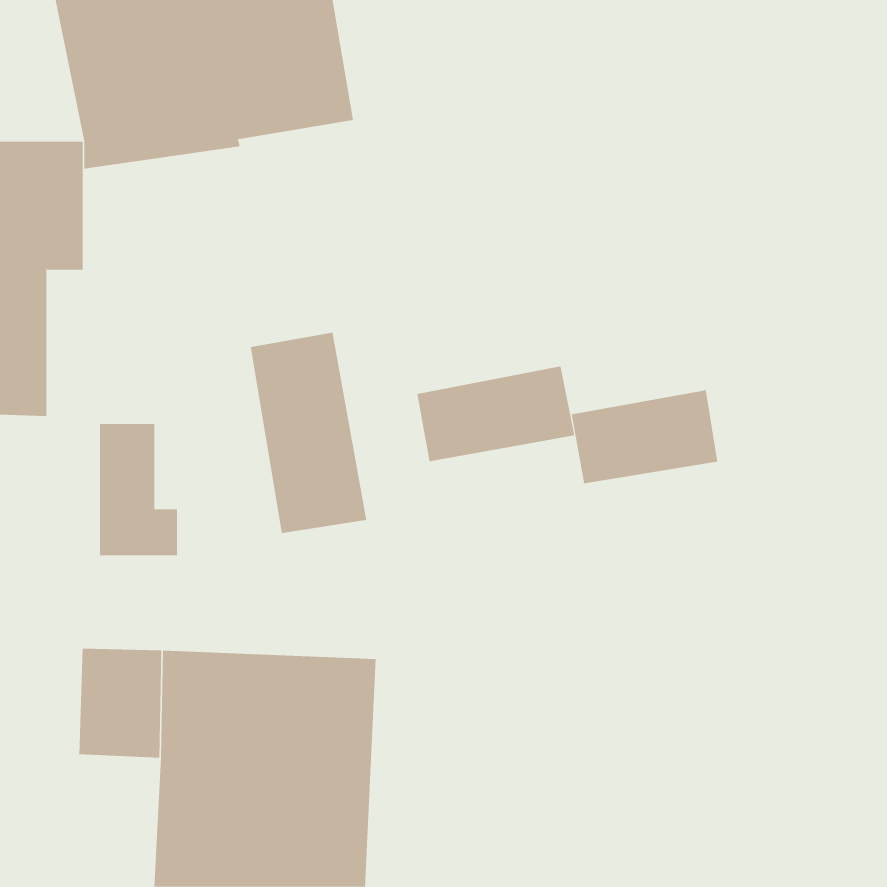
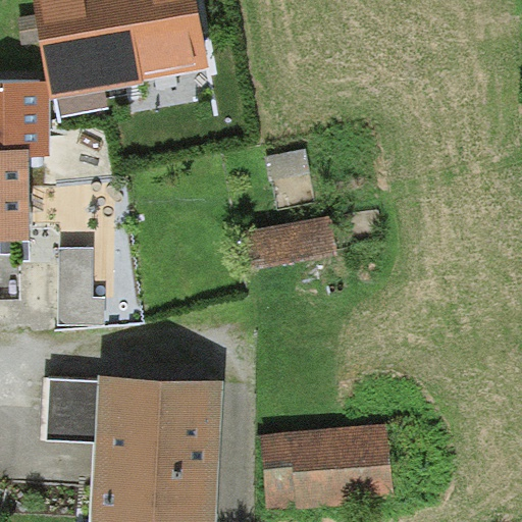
building: [250,332,367,534] -> none
building: [571,389,718,484] -> none
building: none -> [260,423,394,509]

